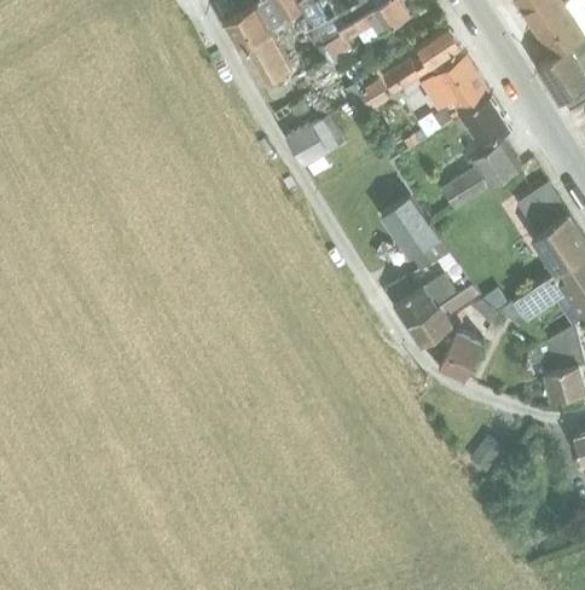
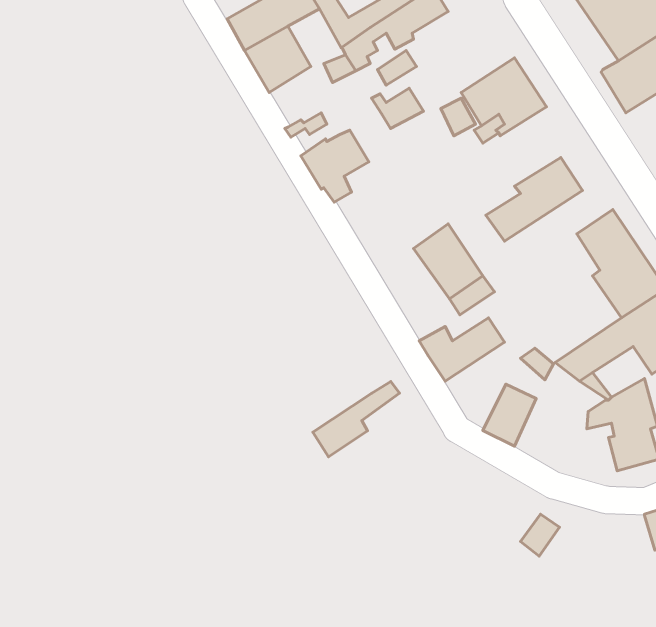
building: [383,25,463,94] -> none
building: [453,97,512,149] -> none
building: [407,284,480,347] -> [313,382,399,457]

